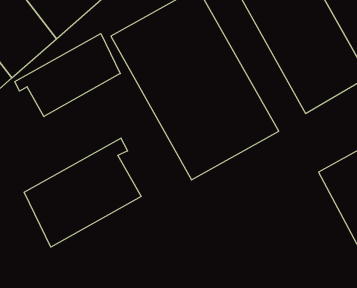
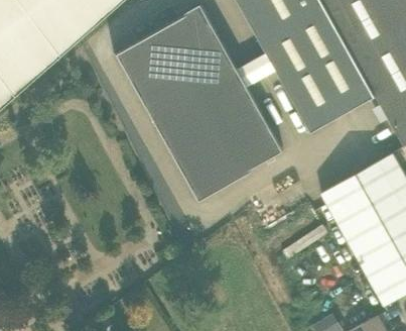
building: [15,34,120,117] -> none
building: [24,138,141,247] -> none

